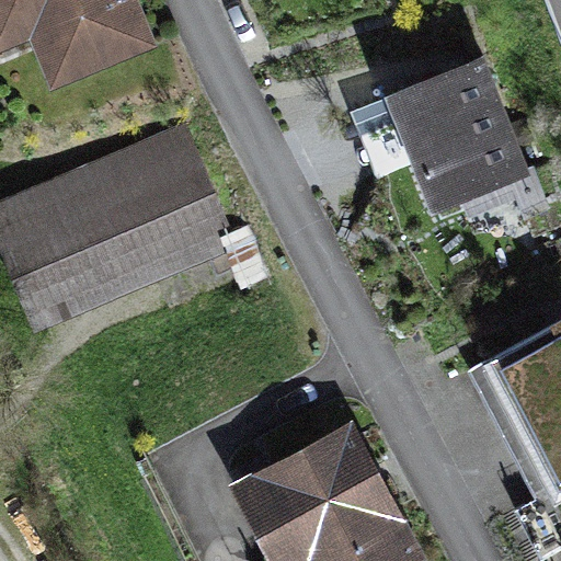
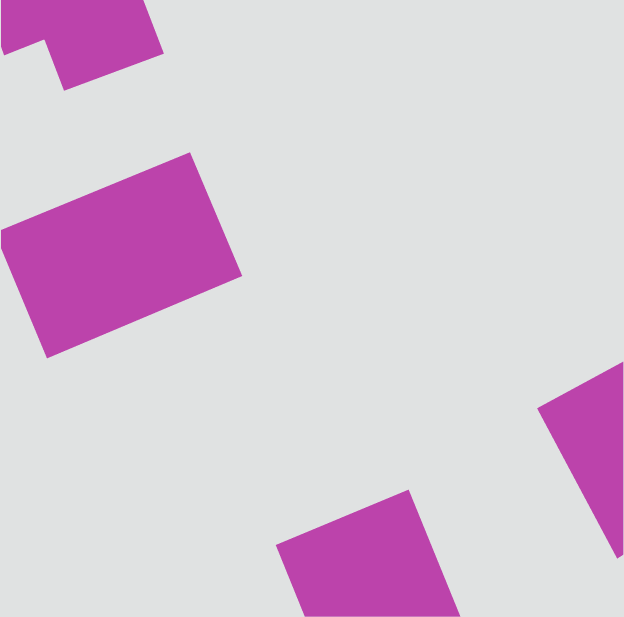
building: [391,65,537,229] -> none

